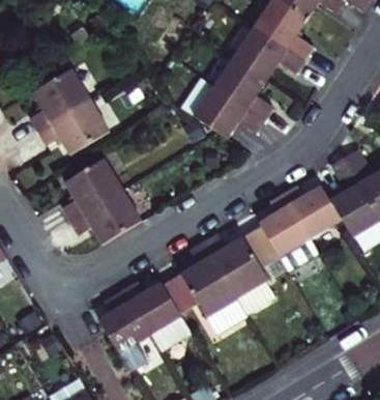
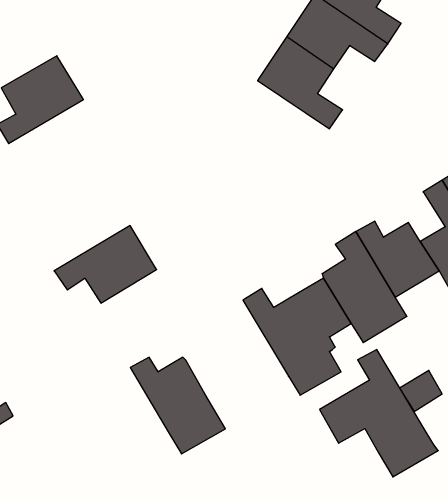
building: [194,86,264,138] -> none
building: [37,99,109,153] -> none
building: [62,158,123,221] -> none
building: [163,241,246,332] -> [320,350,438,477]
building: [98,289,150,372] -> none

